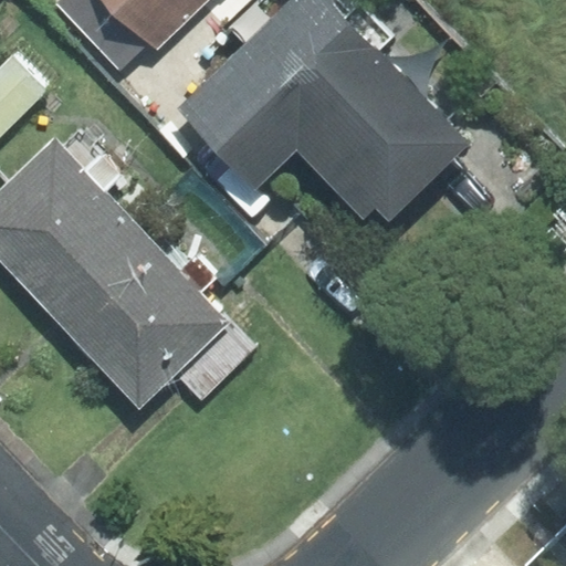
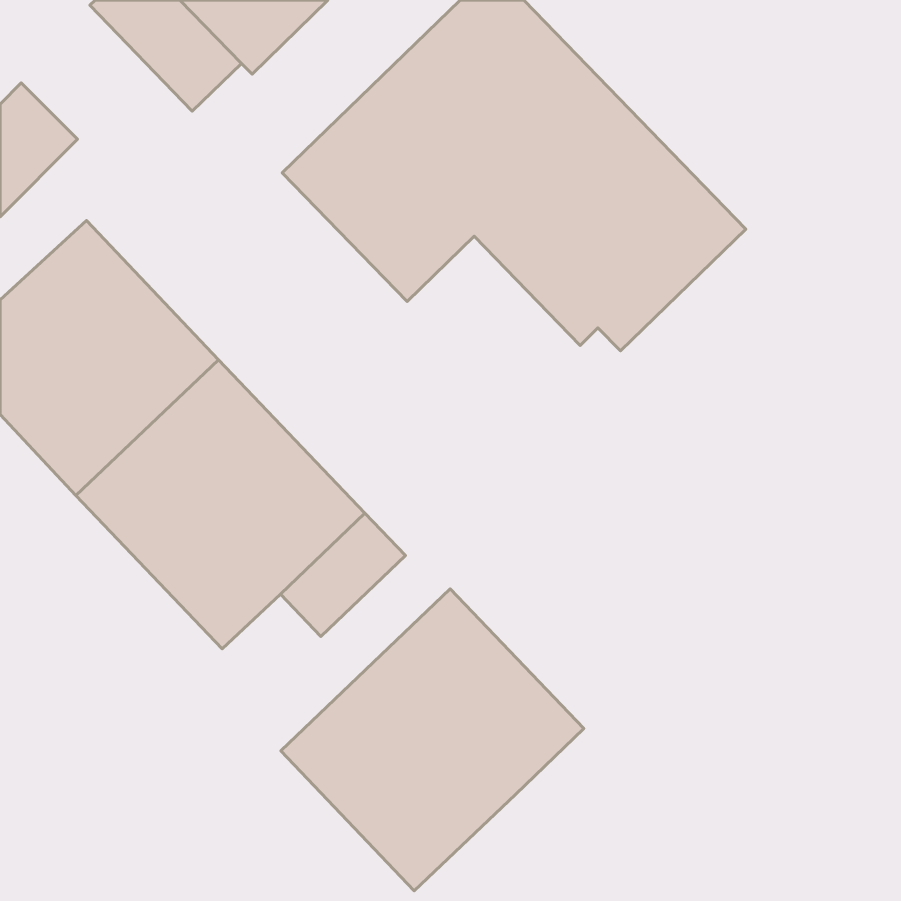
building: none -> [281,589,584,891]

